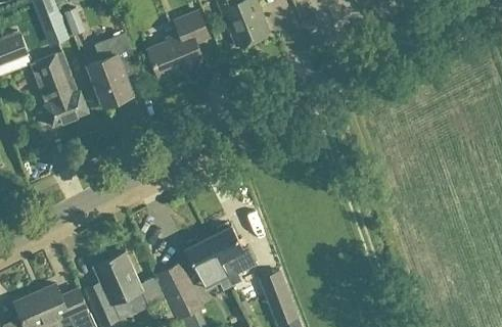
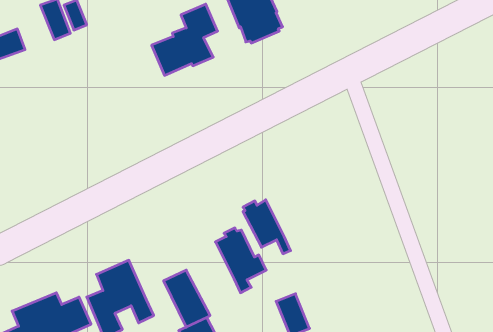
building: [87,33,138,106] -> none
building: [30,52,88,127] -> none
building: [185,236,230,287] -> [243,200,291,254]

